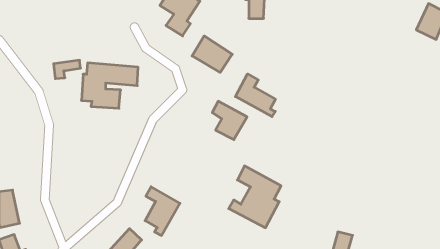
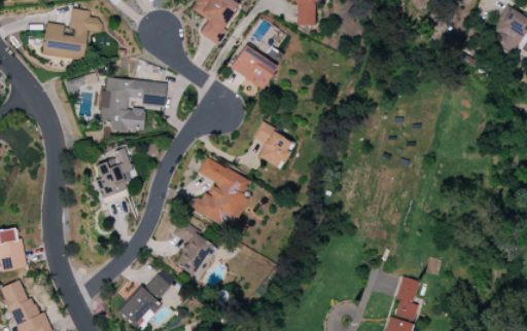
building: none -> [42,8,103,58]
building: [235,74,275,117] -> none
building: none -> [95,147,133,198]
building: [229,166,281,228] -> [187,156,249,229]

